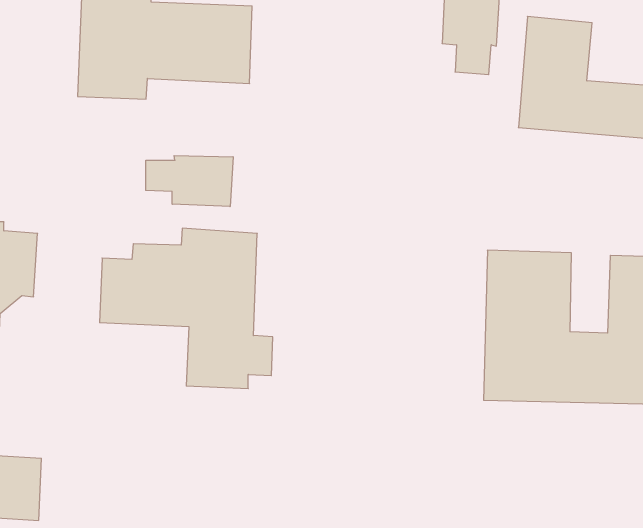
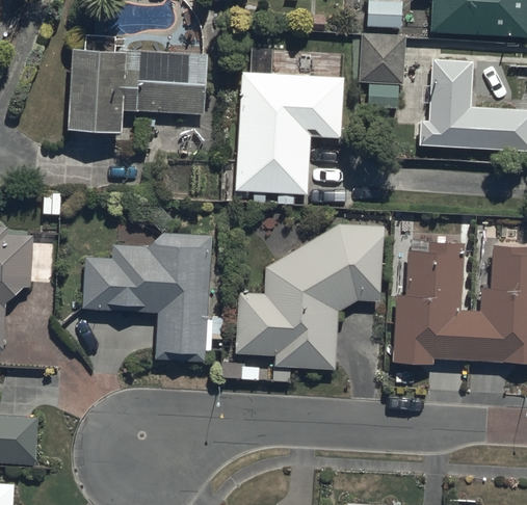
building: none -> [237,78,345,201]
building: [146,156,233,207] -> none
building: none -> [235,221,384,381]

